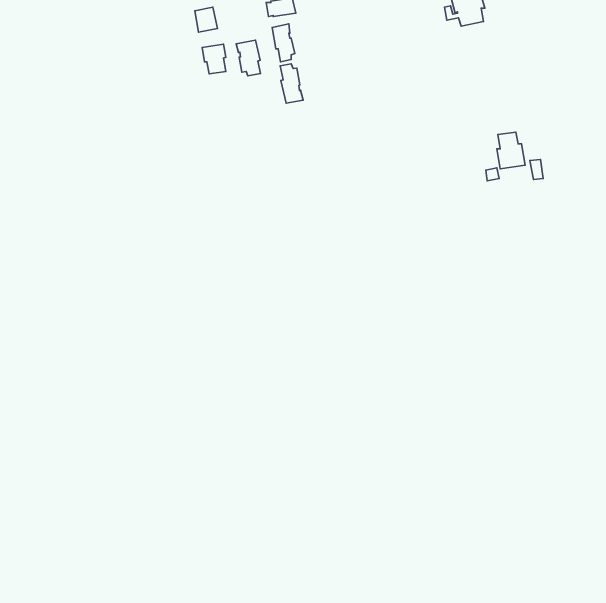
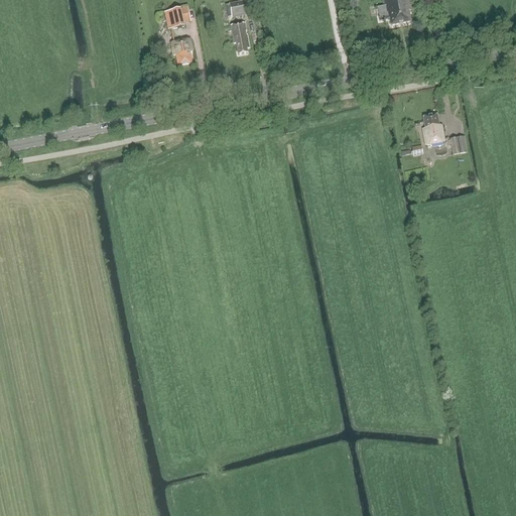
building: [236,40,260,76] -> none
building: [280,64,303,103] -> none

